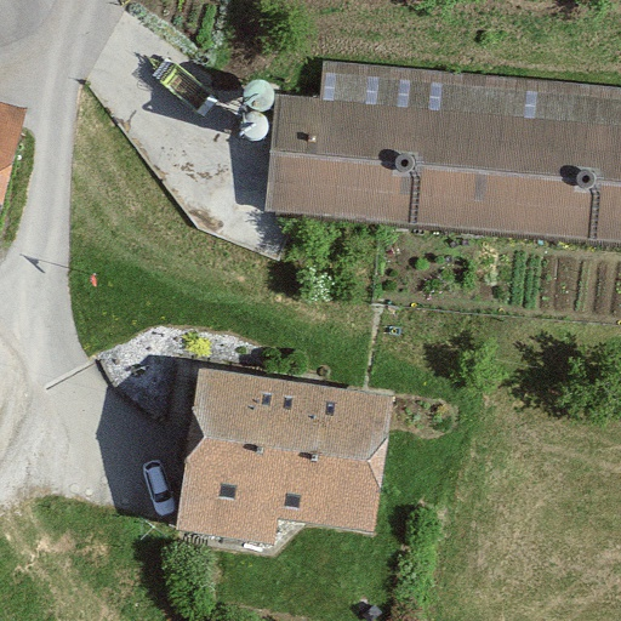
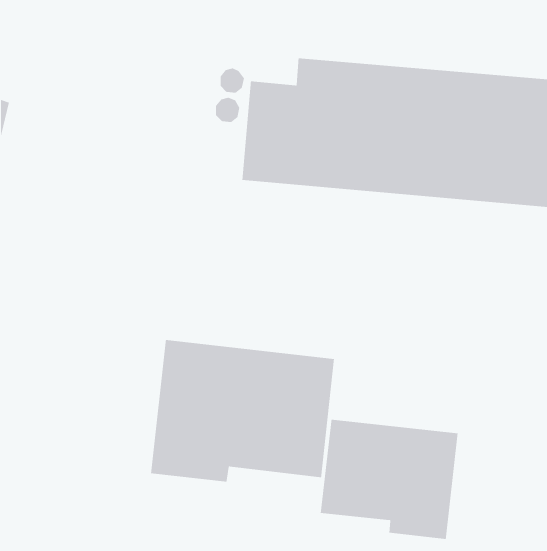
building: none -> [320,419,459,540]

